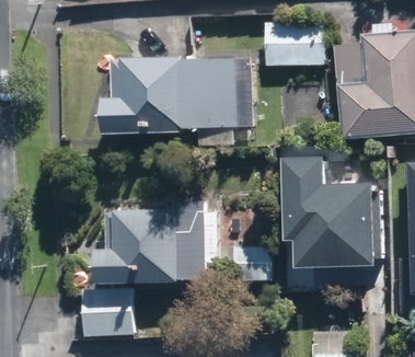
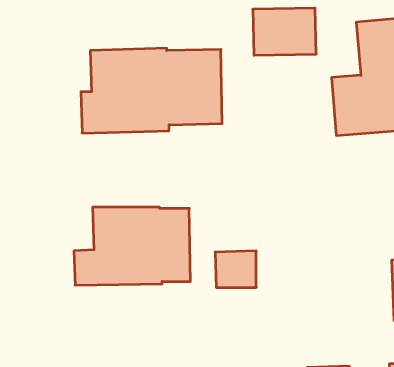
building: [278,156,368,265] -> none
building: [83,285,132,335] -> none

